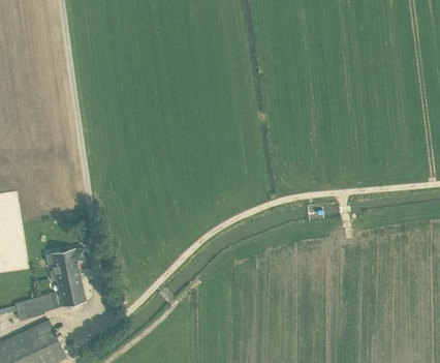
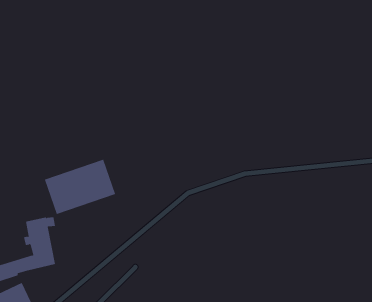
building: none -> [44,159,116,215]

